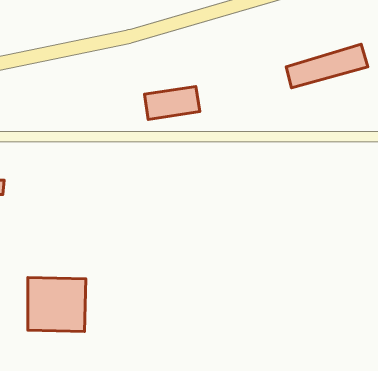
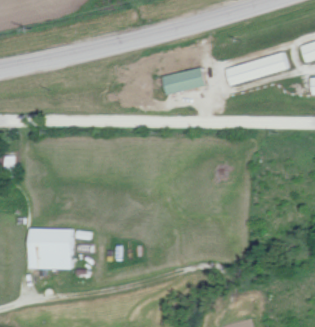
building: [144,86,200,119] -> [161,69,203,94]

